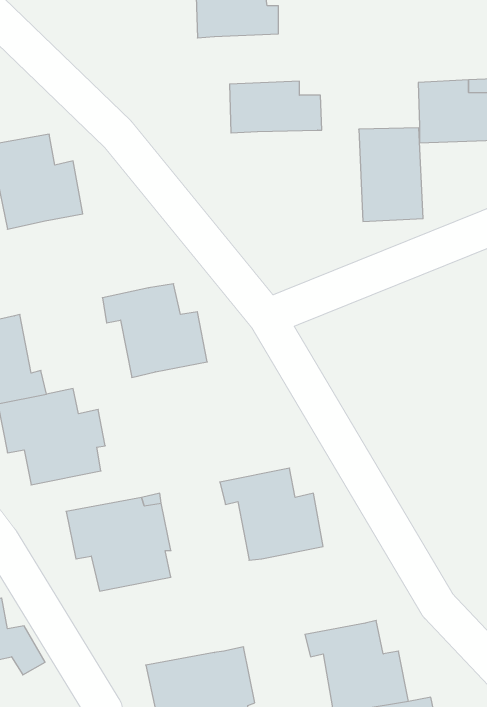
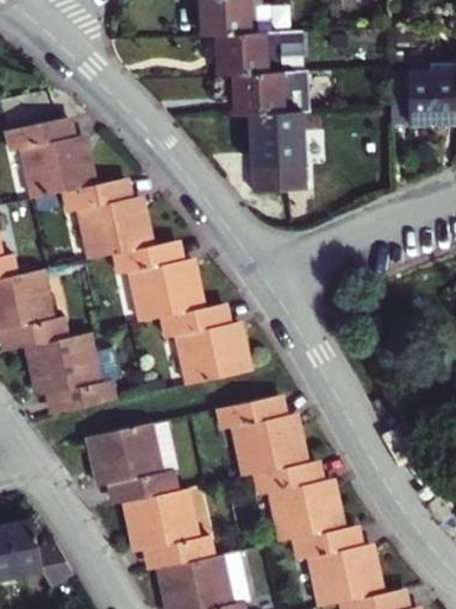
building: none -> [212,31,298,74]
building: [359,128,423,221] -> [249,113,304,193]
building: none -> [68,178,156,260]
building: none -> [162,306,250,389]
building: none -> [252,466,341,545]
building: none -> [121,491,212,570]

